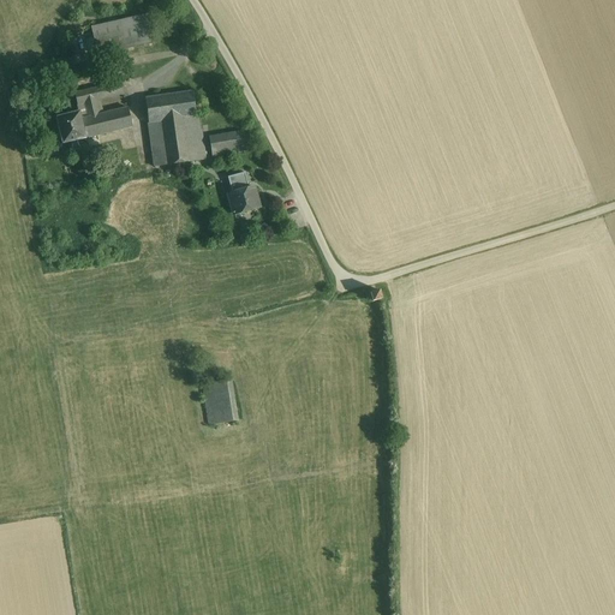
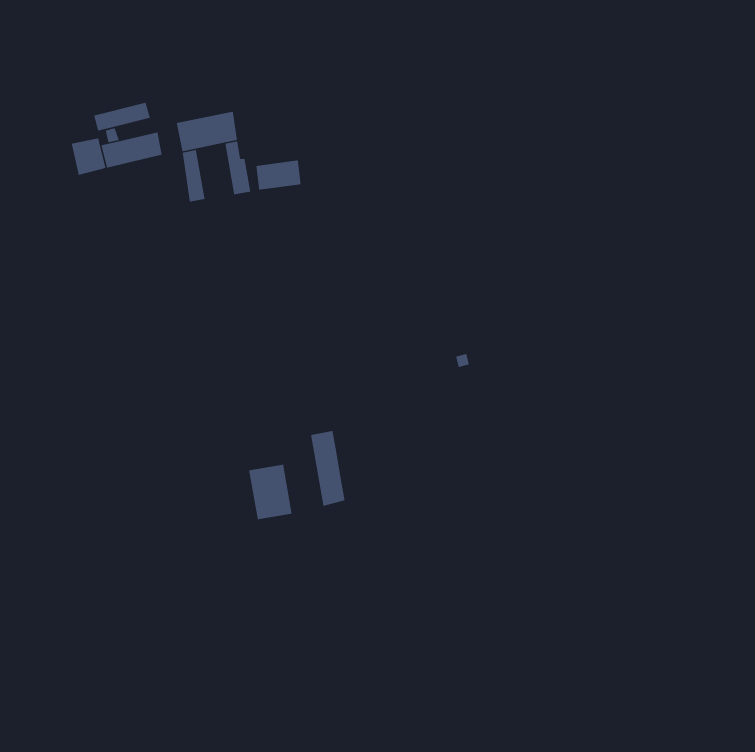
building: [91,12,155,54] -> none
building: [160,117,190,162] -> none
building: [228,185,259,211] -> none
building: none -> [310,430,345,507]

